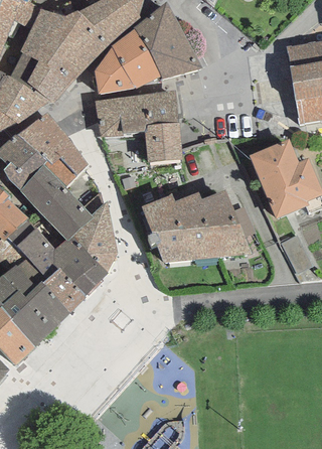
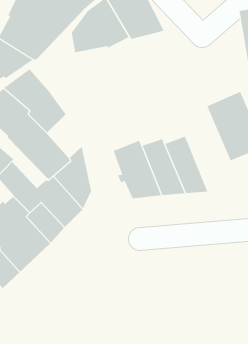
building: [95,90,181,162] -> none

